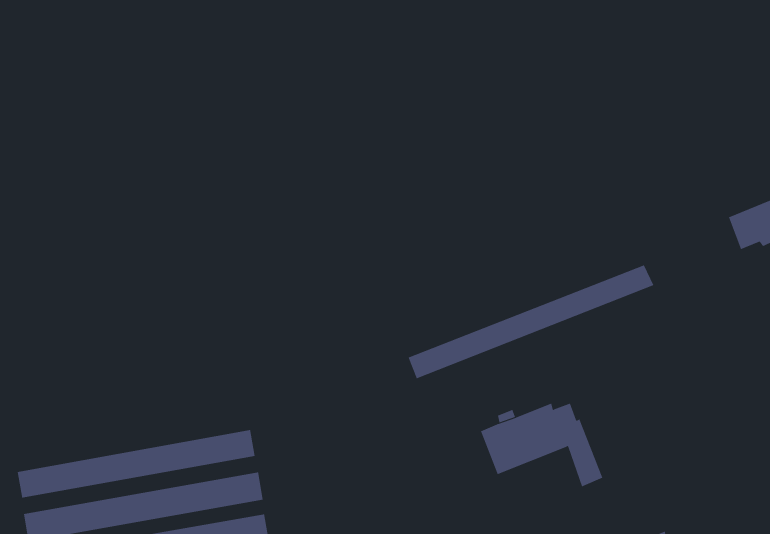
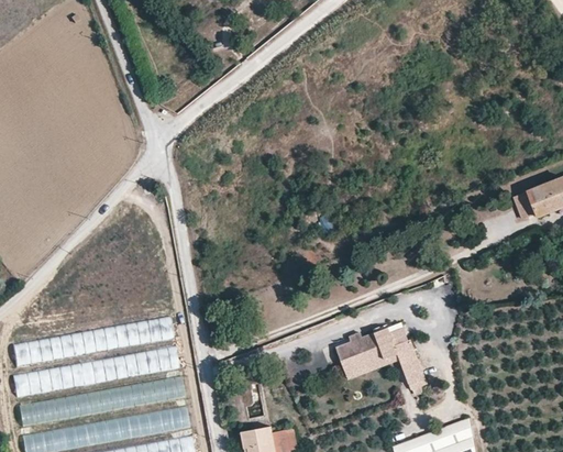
building: [408,264,654,379] -> none
building: none -> [14,316,175,366]

